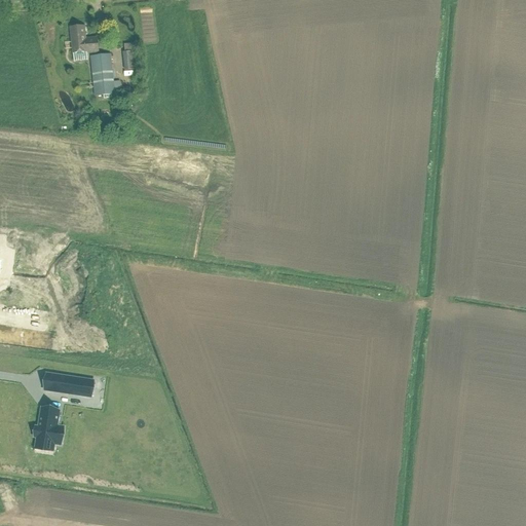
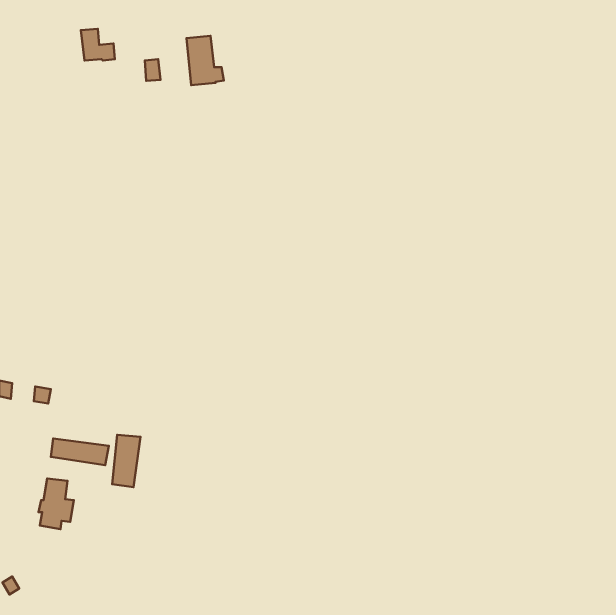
building: [89,53,121,96] -> [186,36,224,85]
building: none -> [112,435,140,487]

